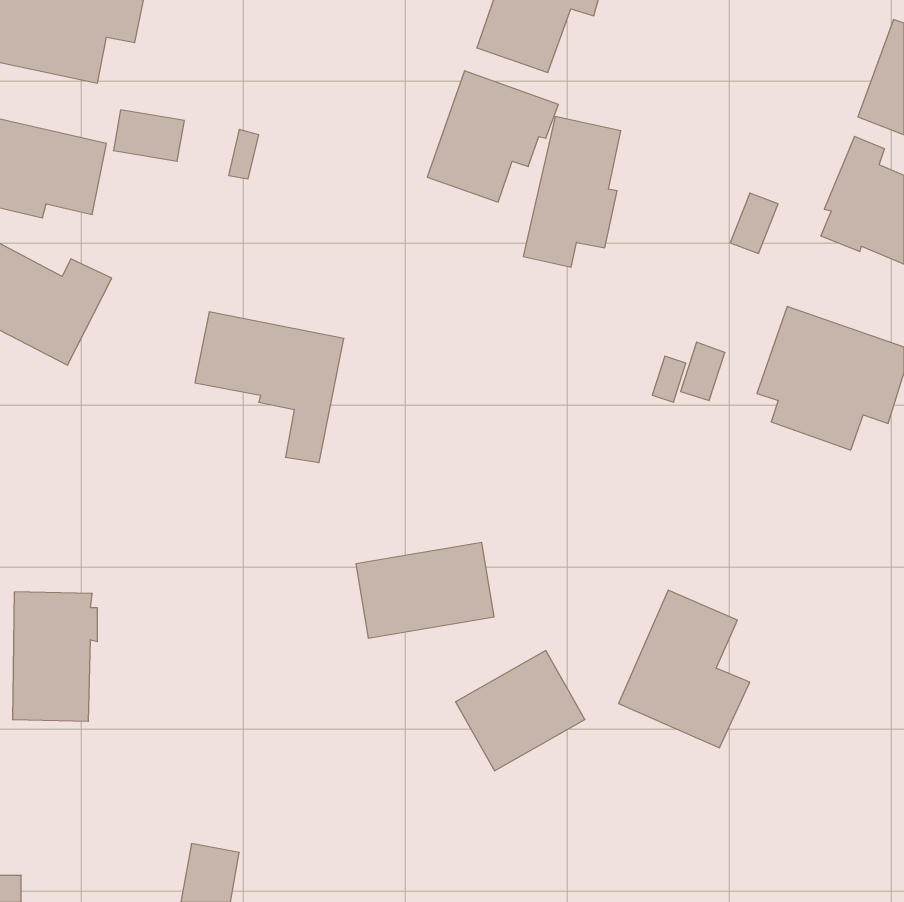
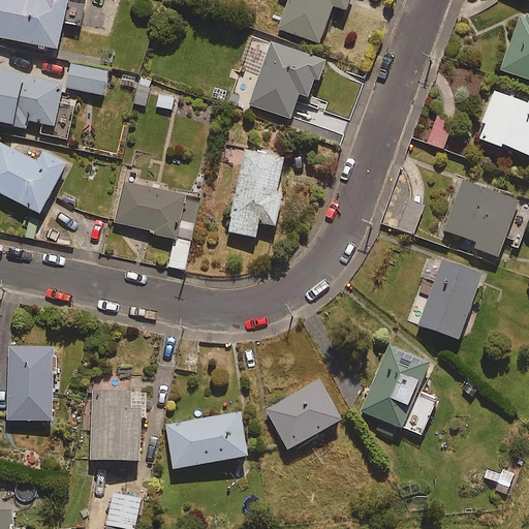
building: [523,117,621,267] -> [227,149,284,237]
building: none -> [418,259,481,339]
building: [356,543,494,638] -> [166,412,247,468]
building: none -> [90,390,145,461]

